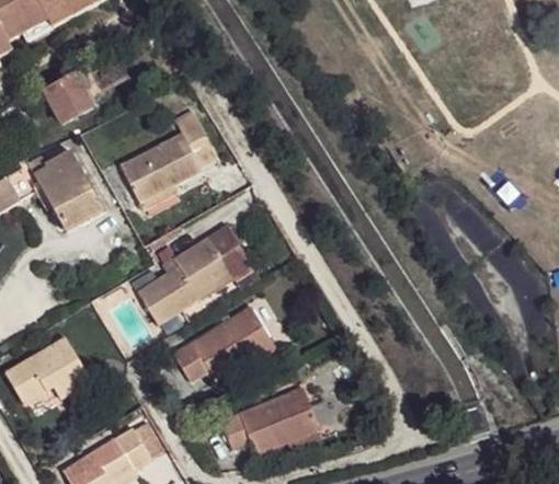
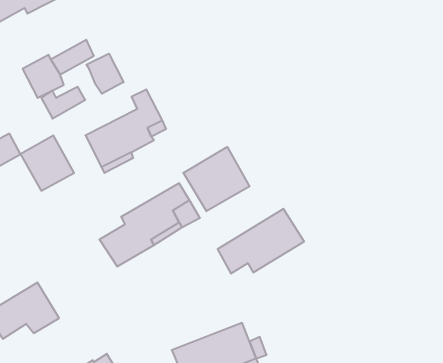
building: none -> [86,54,124,94]
building: [31,151,82,188] -> [41,87,85,119]
building: none -> [183,147,250,211]
building: [172,306,273,381] -> [218,209,304,273]

